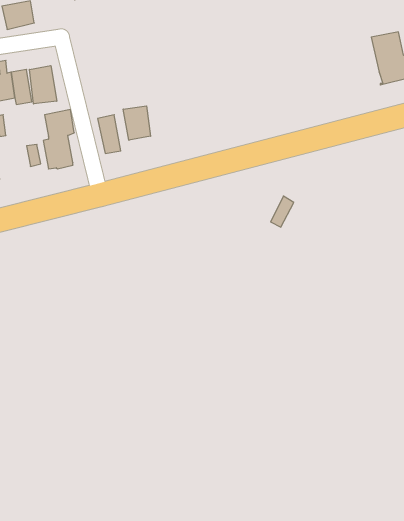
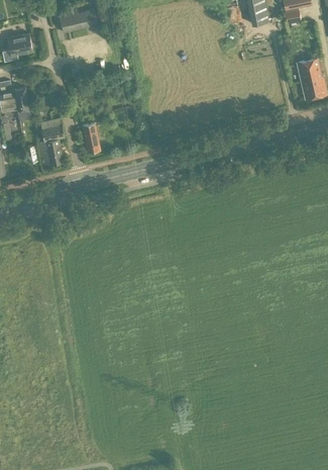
building: [29,66,57,104] -> none
building: [123,106,151,140] -> none

